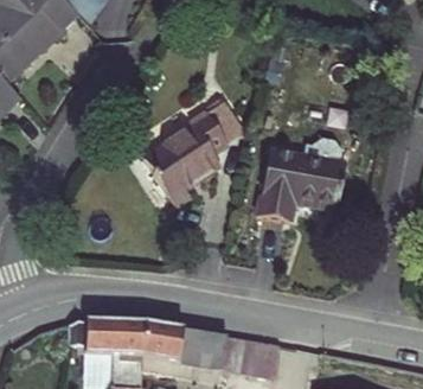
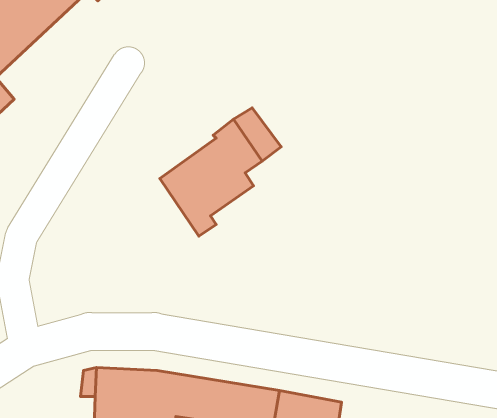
building: [259,136,347,219] -> none

